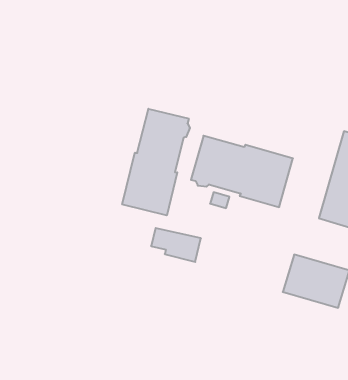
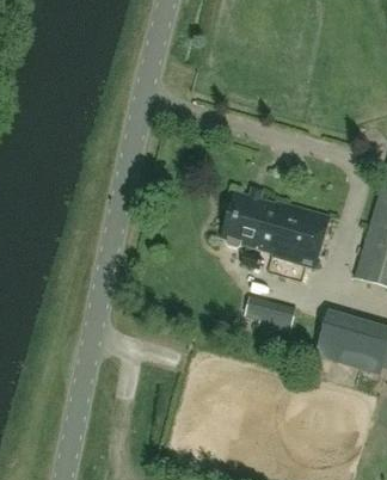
building: [122,109,190,215] -> none
building: [151,228,201,262] -> [244,294,296,330]

